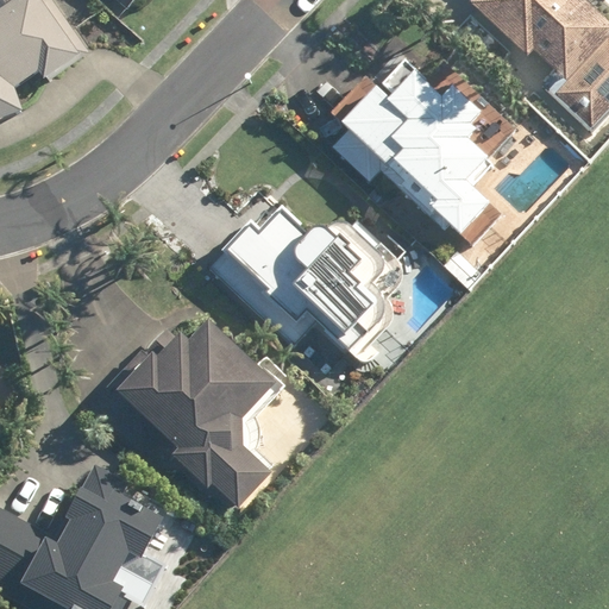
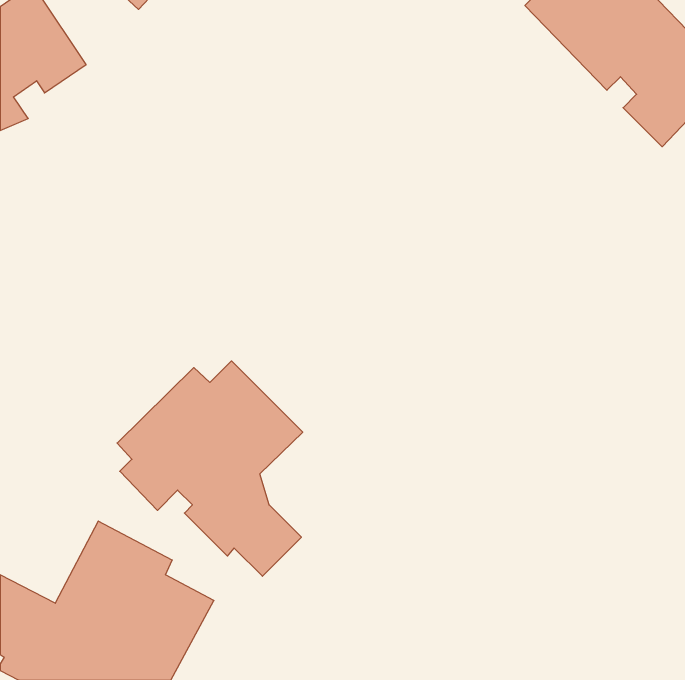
building: [332,55,494,240] -> none
building: [214,200,413,362] -> none

